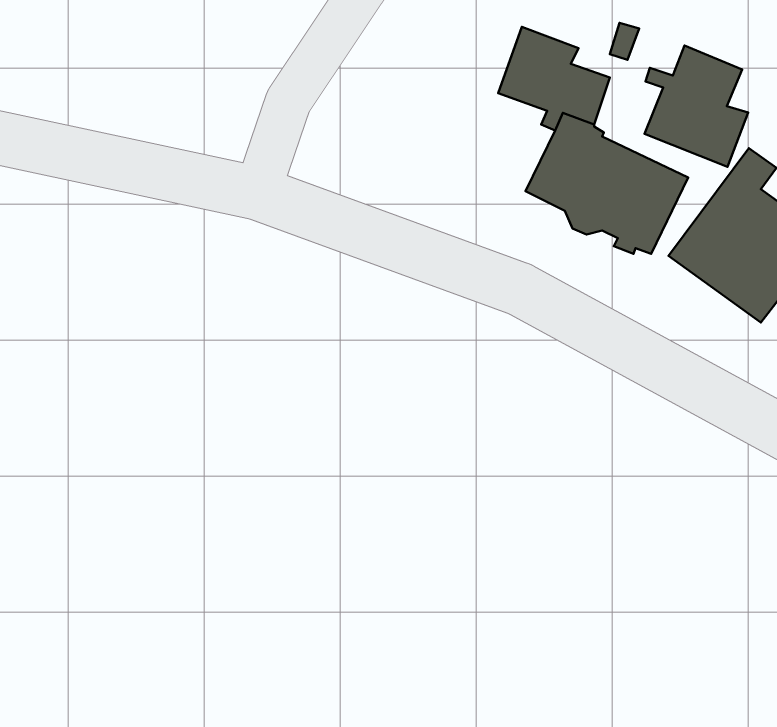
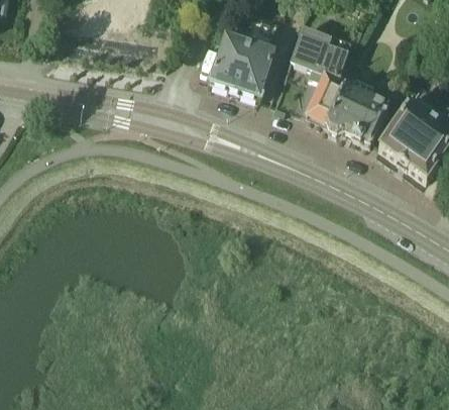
building: none -> [210,21,274,93]
building: [645,46,748,167] -> none

